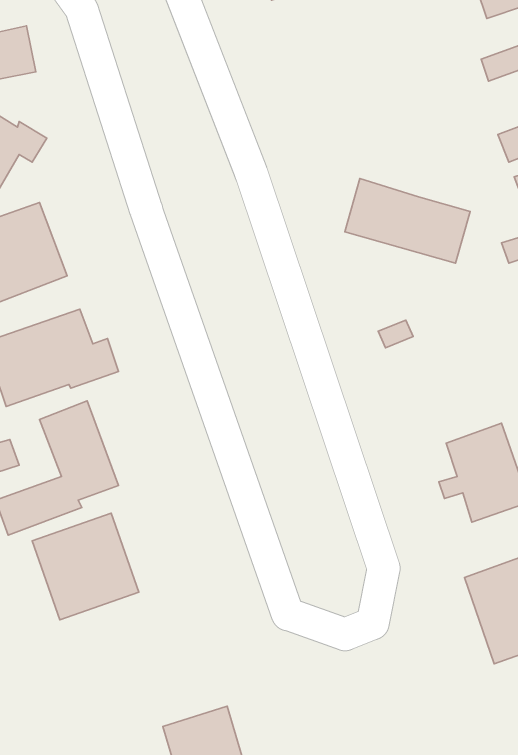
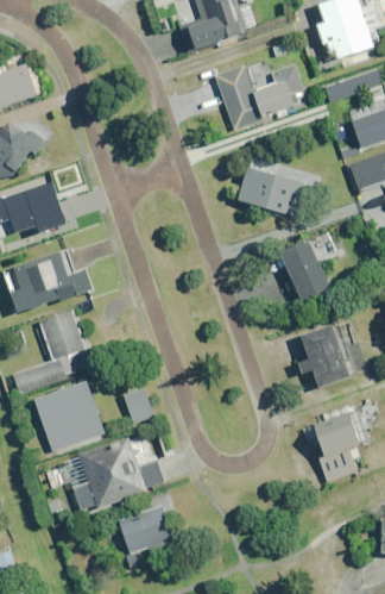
building: none -> [215,61,302,130]
building: none -> [279,231,337,302]
building: none -> [122,389,152,424]
building: none -> [63,427,166,511]

